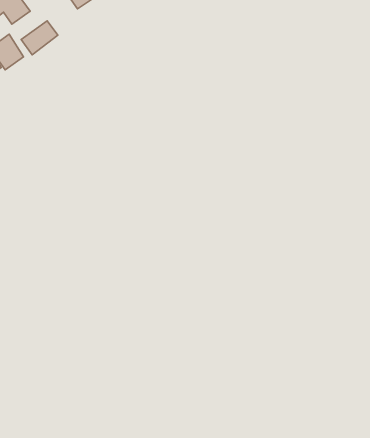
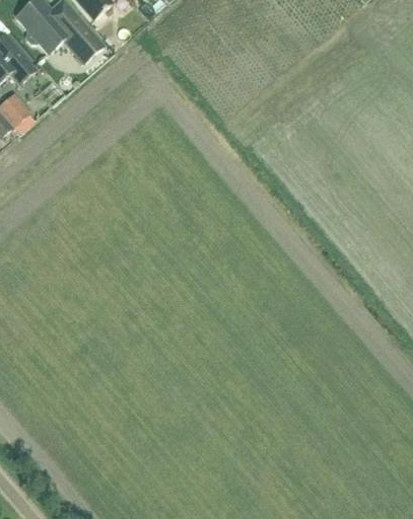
building: [21,21,58,55] -> none

